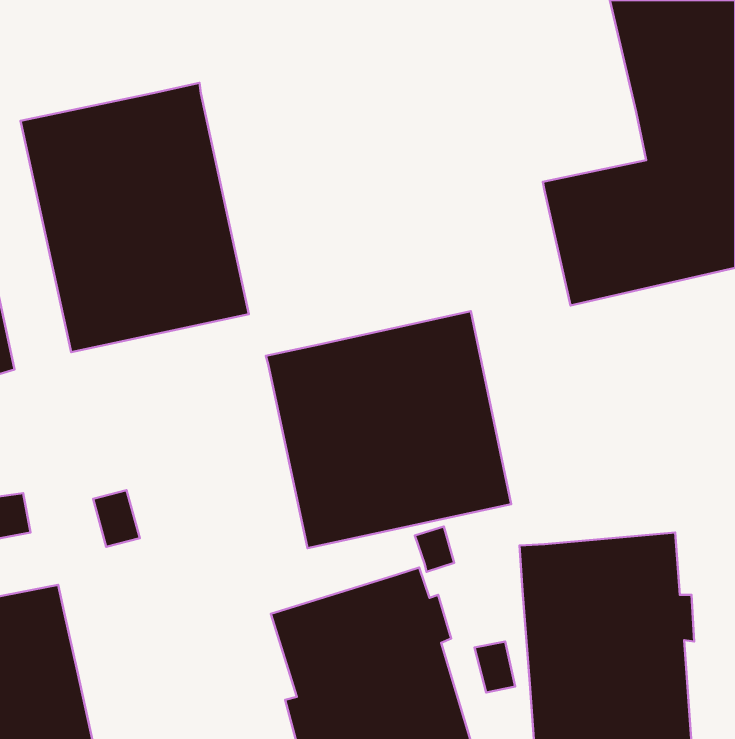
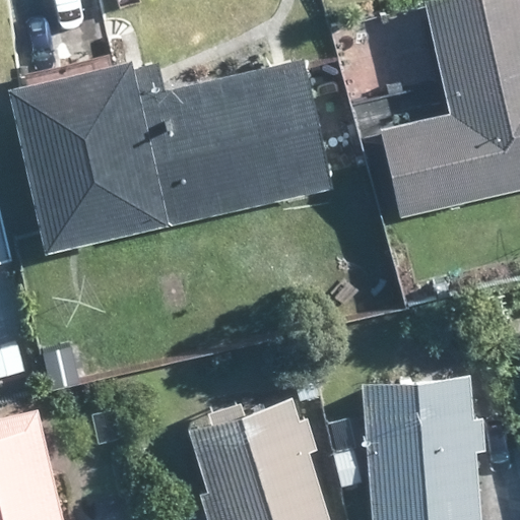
building: none -> [140,61,330,222]
building: [266,311,511,548] -> none

